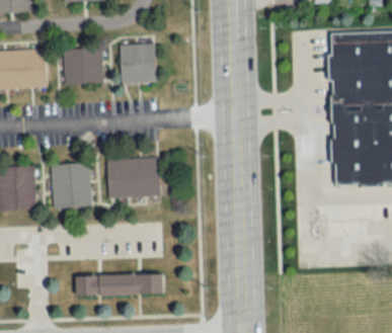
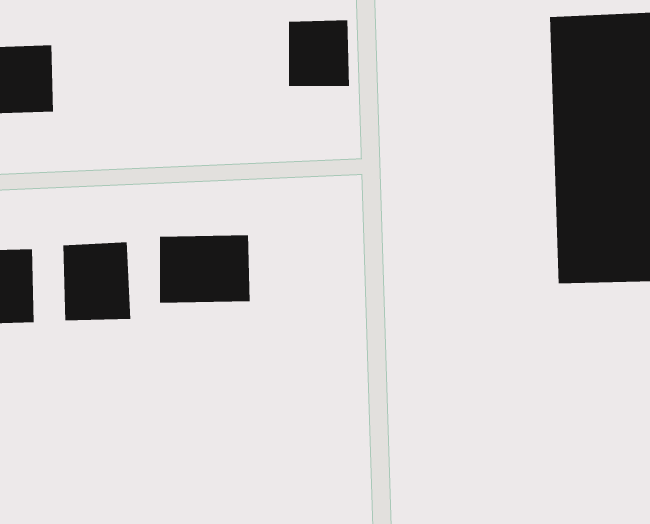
building: [121,44,156,82] -> [288,20,350,87]
building: [65,48,102,84] -> none
building: [77,274,164,296] -> none

